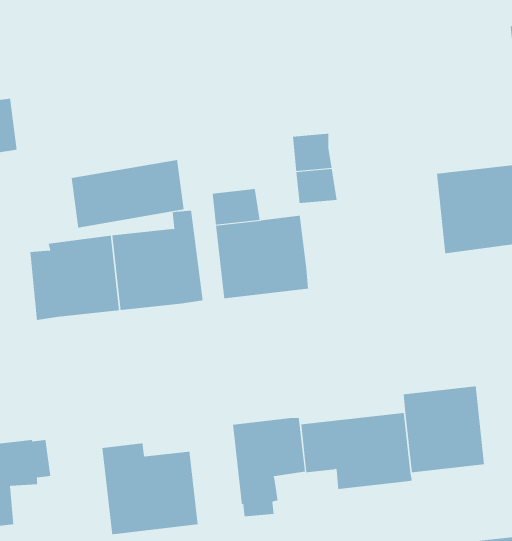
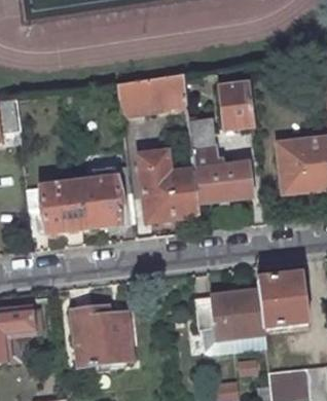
building: none -> [222,83,255,127]
building: [71,159,185,228] -> [118,73,188,115]
building: none -> [195,163,252,203]
building: [232,417,306,517] -> none

